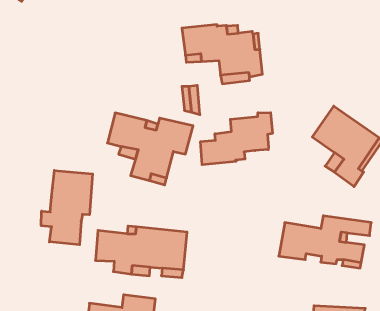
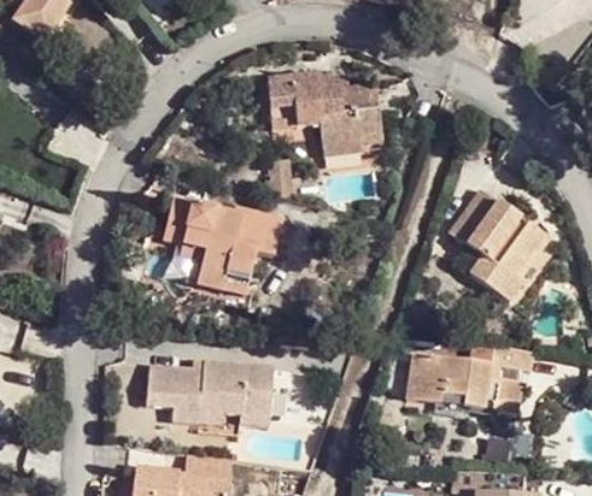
building: [201,113,272,165] -> none
building: [41,170,93,245] -> none

